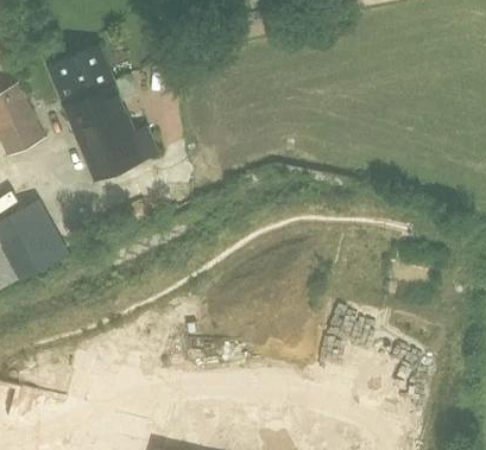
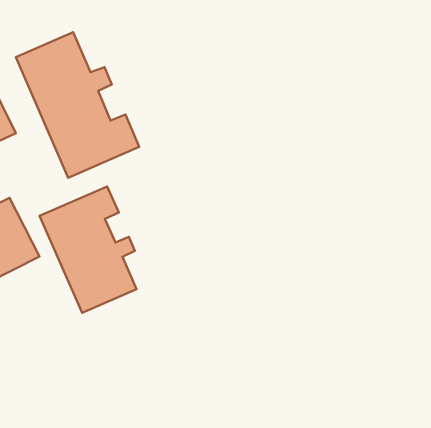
building: none -> [40,187,136,313]

